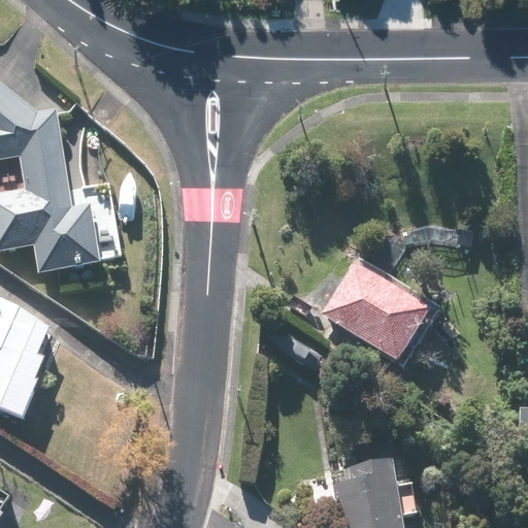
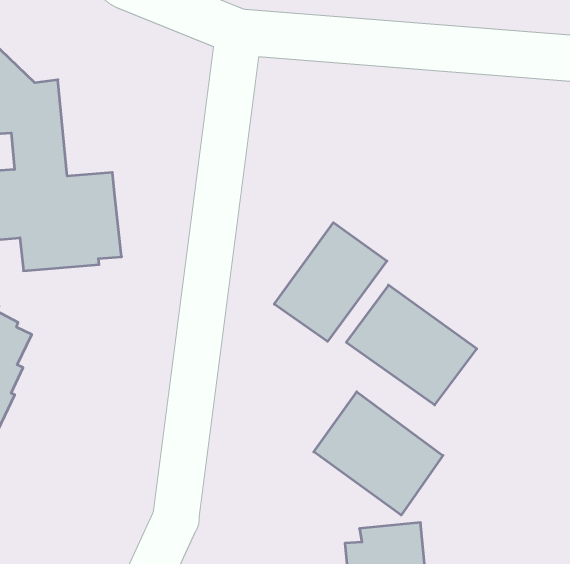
building: none -> [274,223,387,341]
building: none -> [314,392,443,515]

